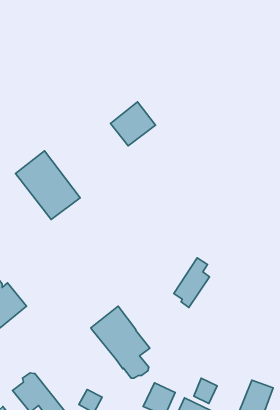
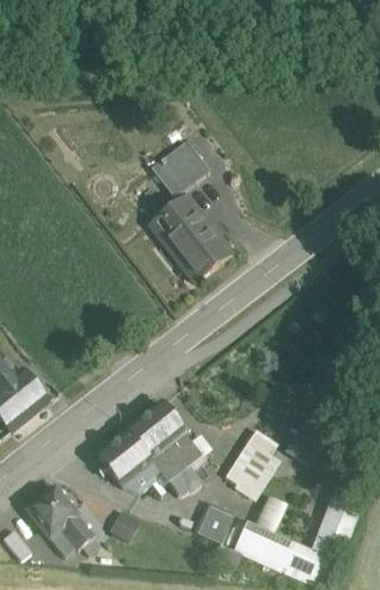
building: [16,151,80,219] -> [151,195,233,282]
building: [174,258,209,308] -> [227,429,272,492]
building: none -> [99,431,160,492]

